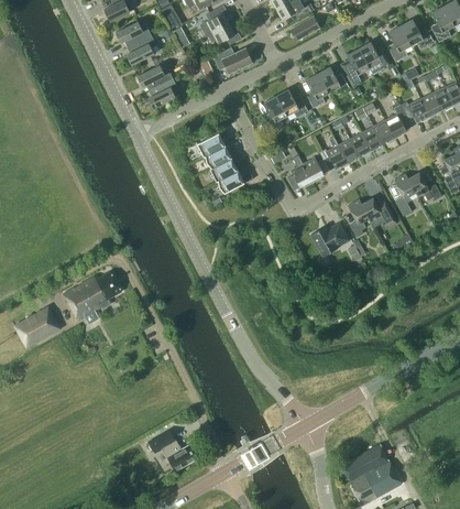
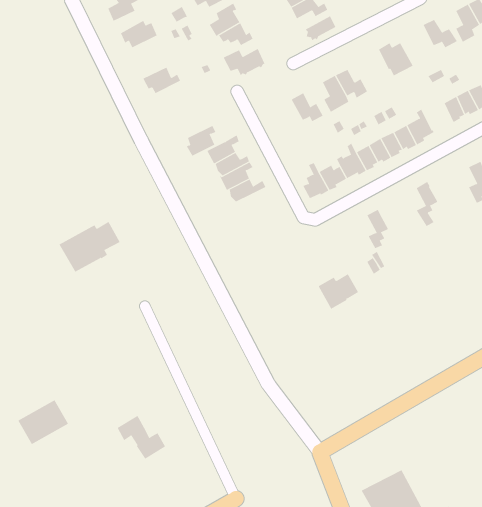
building: [388,24,410,61] -> none
building: [125,34,154,64] -> none
building: [340,47,369,87] -> none
building: [147,77,176,107] -> [186,125,216,157]
building: [264,95,287,129] -> none
building: [399,98,429,123] -> none
building: [407,171,441,199] -> none
building: [361,196,396,227] -> none
building: [310,221,349,256] -> [318,273,359,310]
building: [63,270,121,318] -> [59,221,121,272]
building: [13,304,62,347] -> [18,399,69,445]
building: [150,427,196,469] -> [117,415,166,459]

